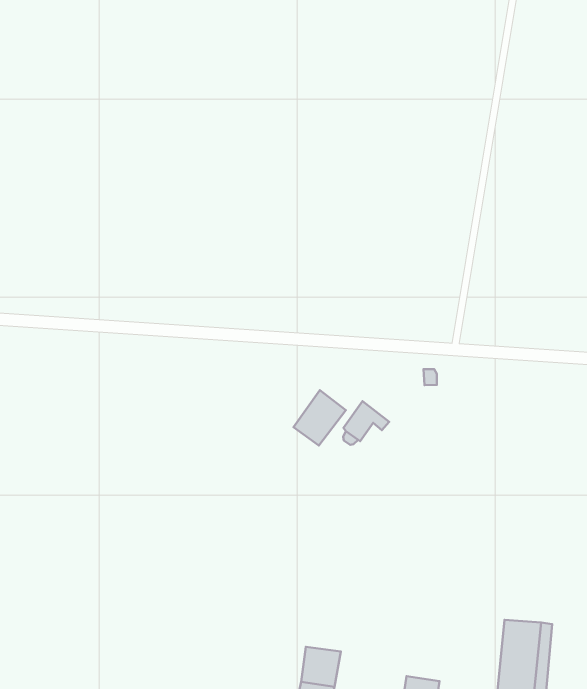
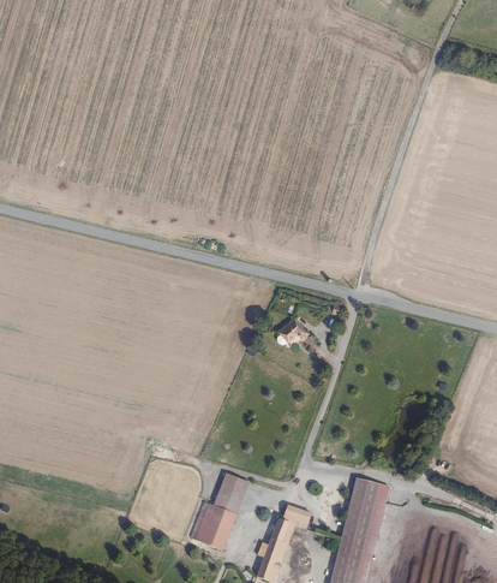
building: [294,390,346,446] -> none

